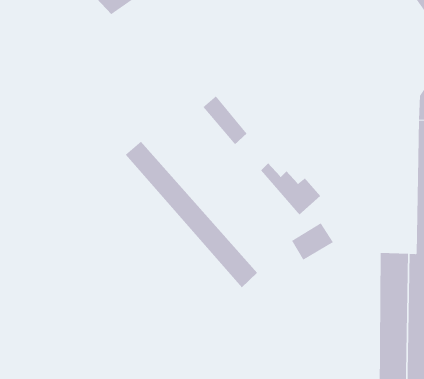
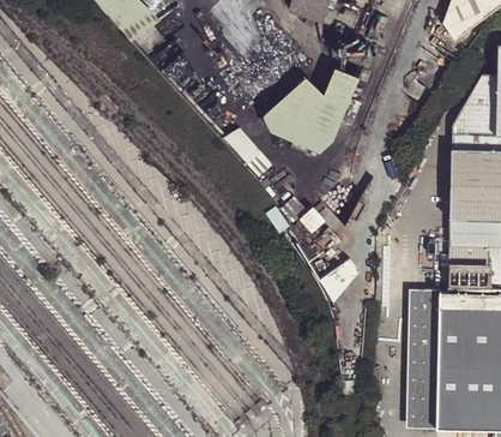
building: none -> [265,68,358,151]
building: [125,141,258,288] -> none

